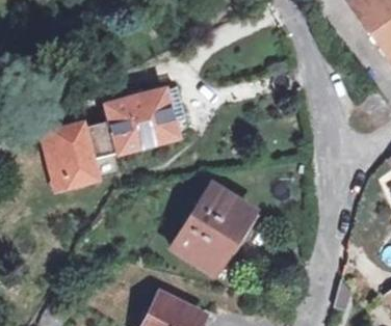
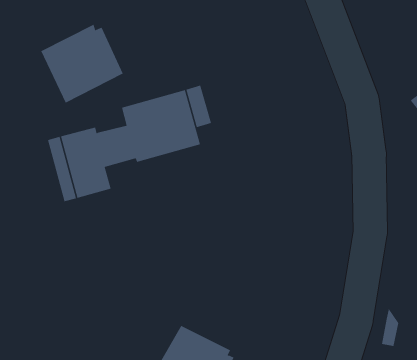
building: none -> [41,24,123,104]
building: [168,185,257,268] -> none

